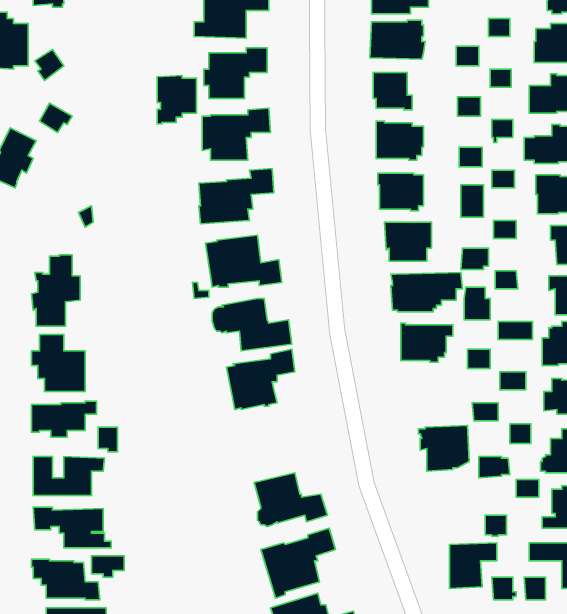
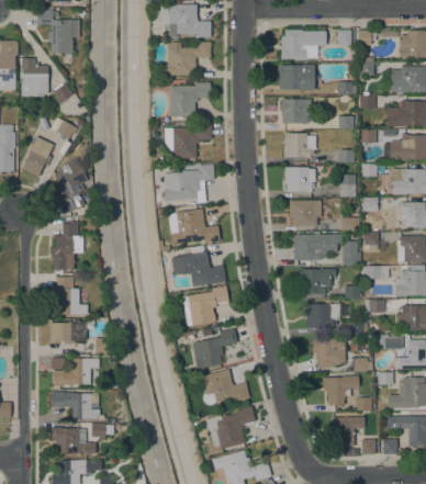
building: [157,76,196,124] -> none
building: none -> [53,158,88,212]
building: none -> [306,301,340,329]
building: none -> [192,329,237,370]
building: none -> [323,375,359,405]

